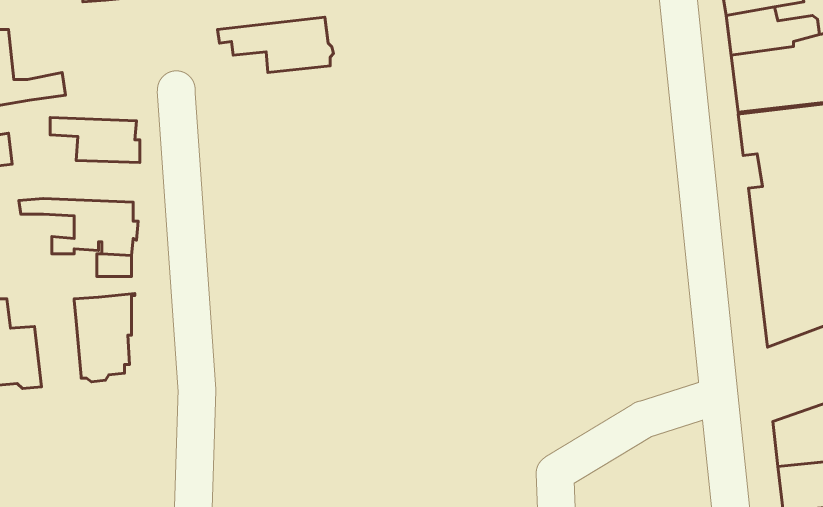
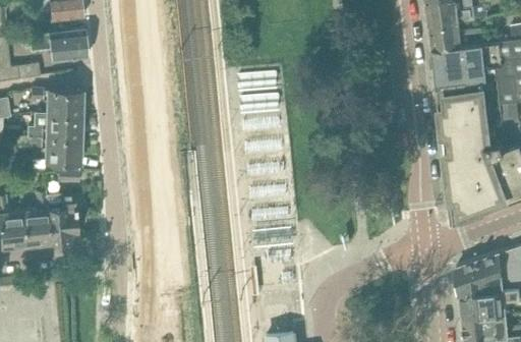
building: [218,17,333,73] -> [20,31,89,63]
building: none -> [26,115,83,140]
building: none -> [21,194,49,249]

